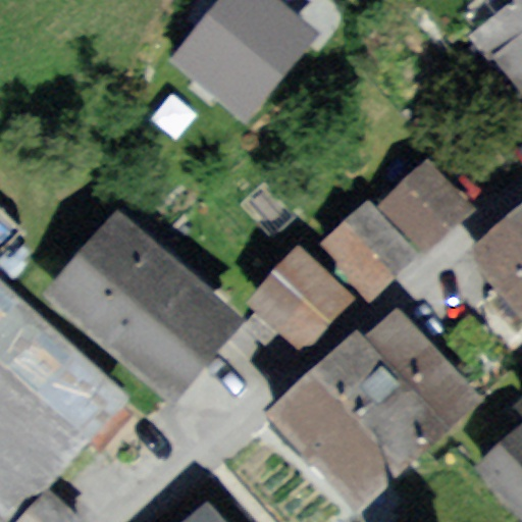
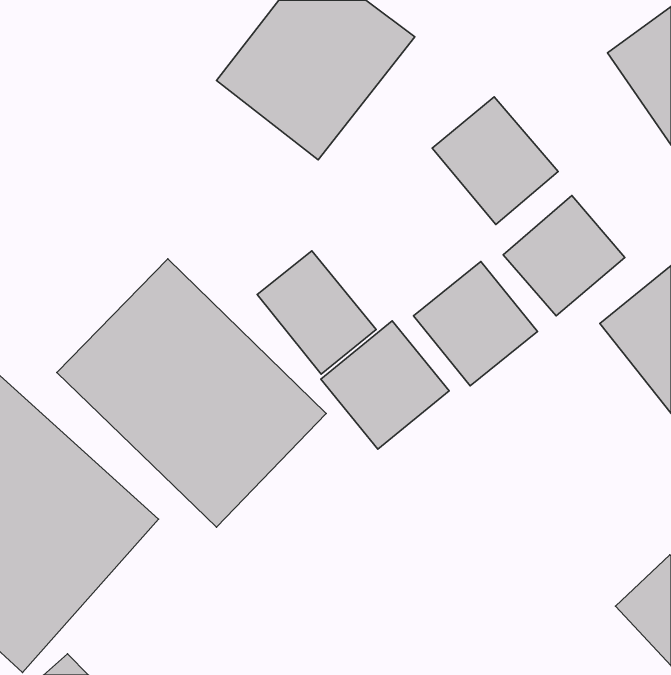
building: none -> [432,97,558,224]
building: none -> [257,251,376,374]
building: [274,303,481,503] -> none

